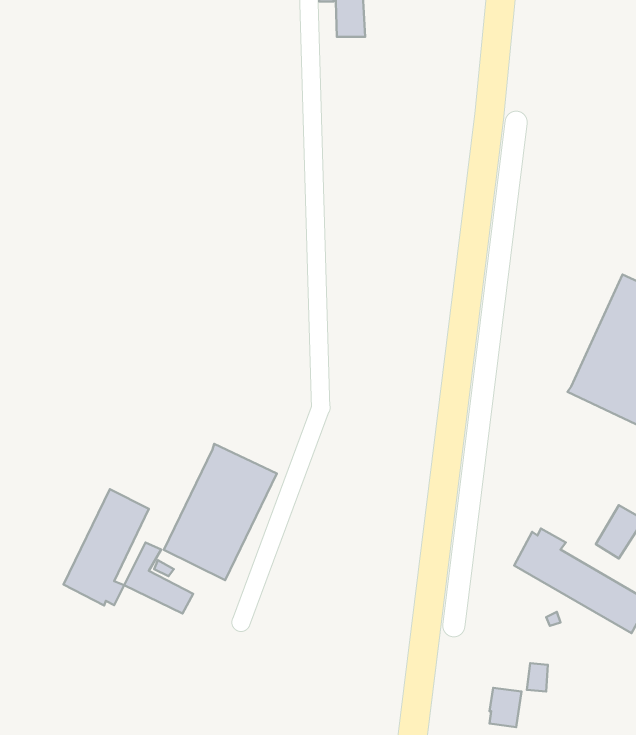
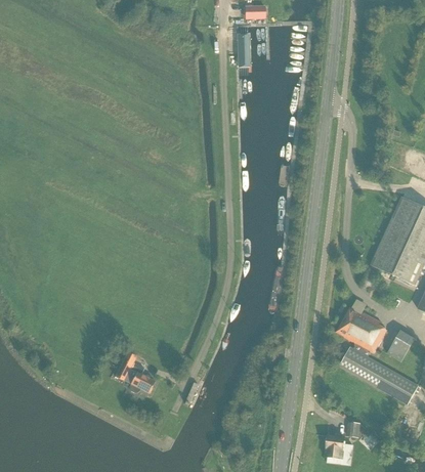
building: [164,444,277,580] -> none
building: none -> [336,307,387,353]
building: [64,489,149,606] -> none

